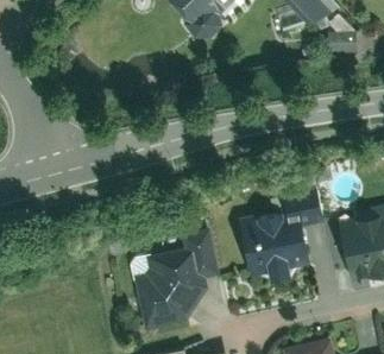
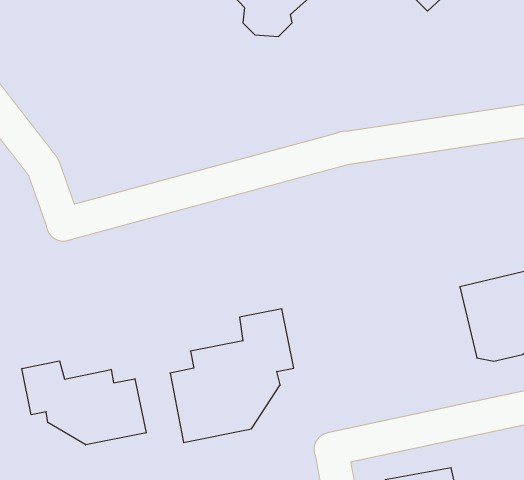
building: [239,190,322,278] -> none
building: none -> [22,361,146,445]

